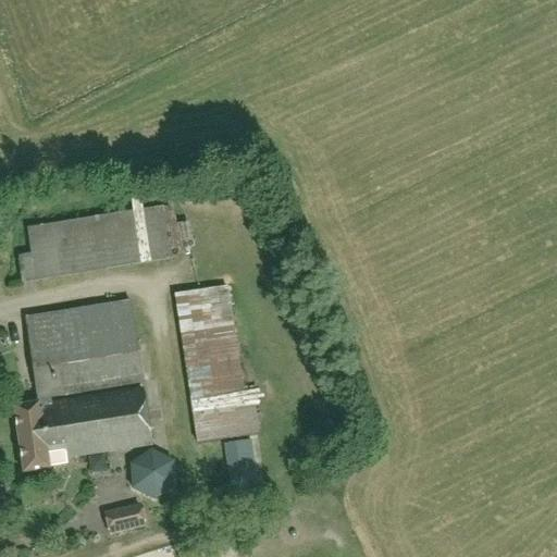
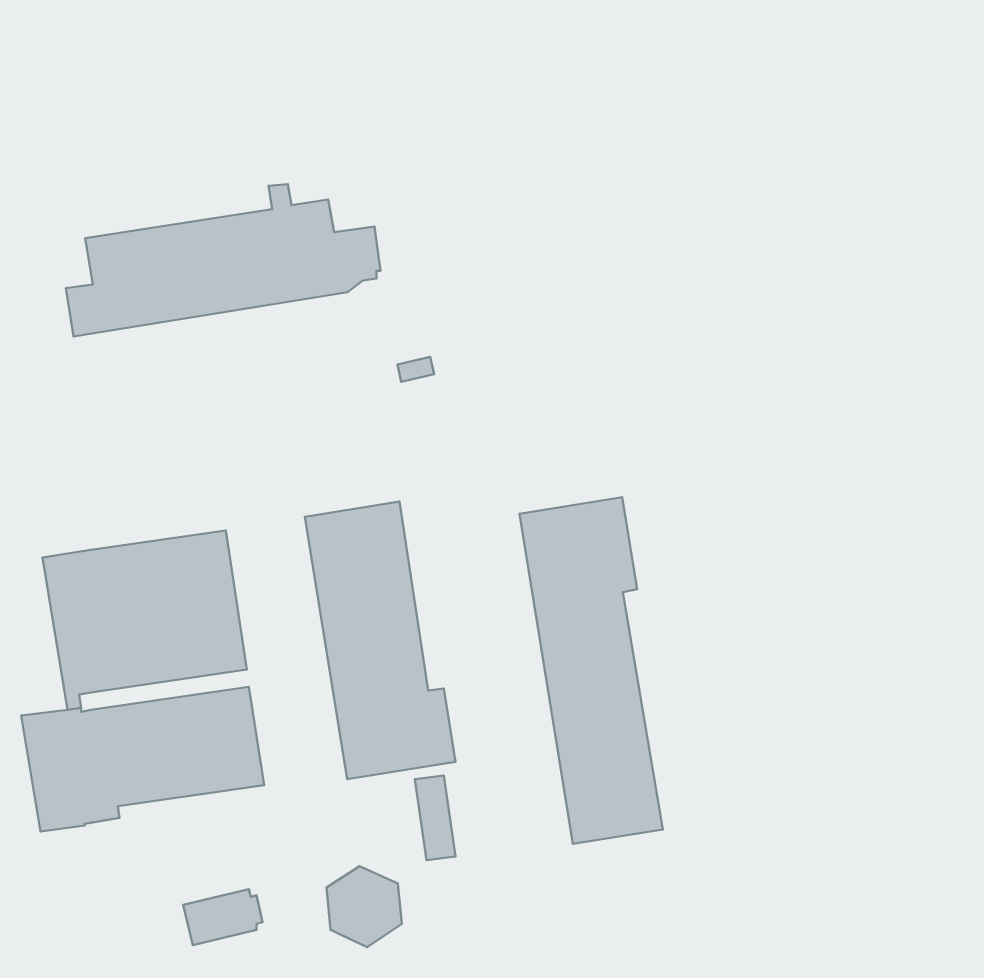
building: [16,195,194,281] -> [66,184,380,336]
building: none -> [519,497,663,844]
building: [133,449,175,495] -> [327,866,402,947]

